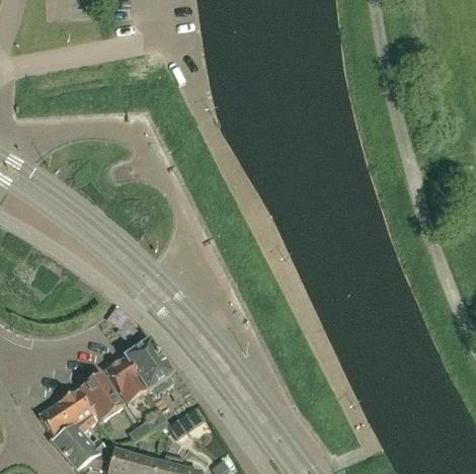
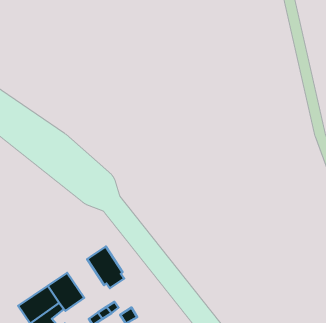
building: [105,356,148,401] -> none

